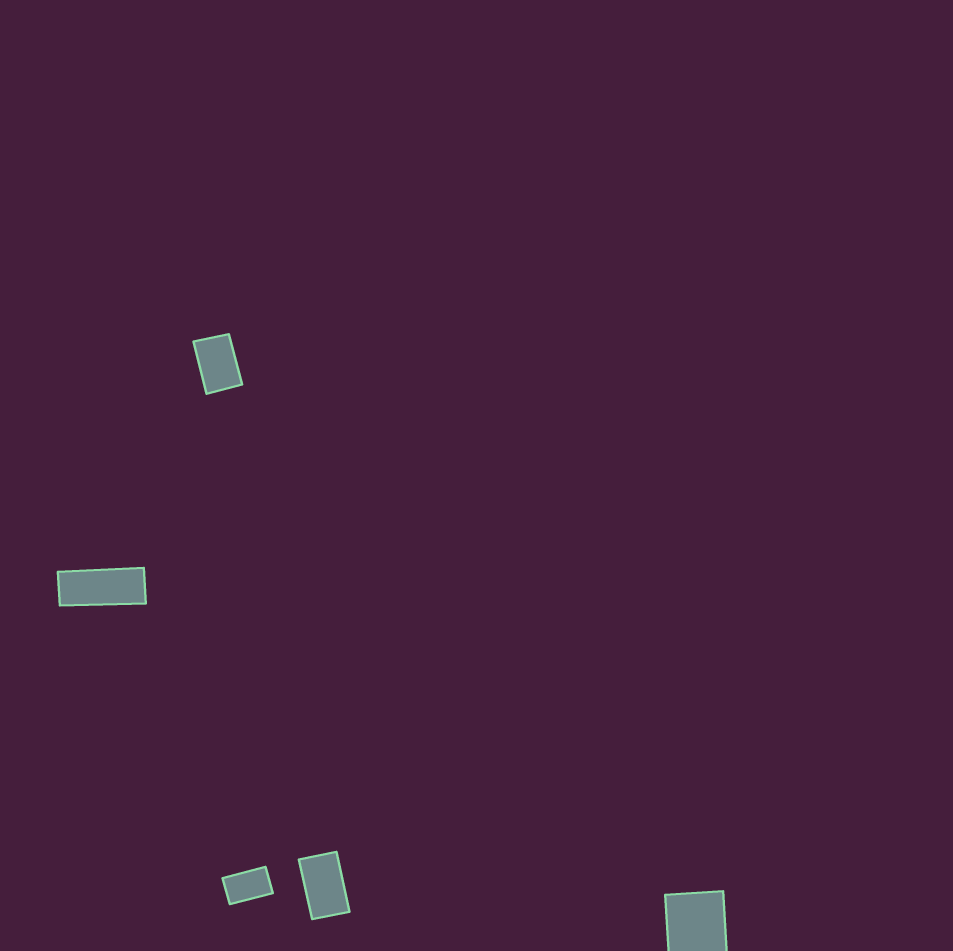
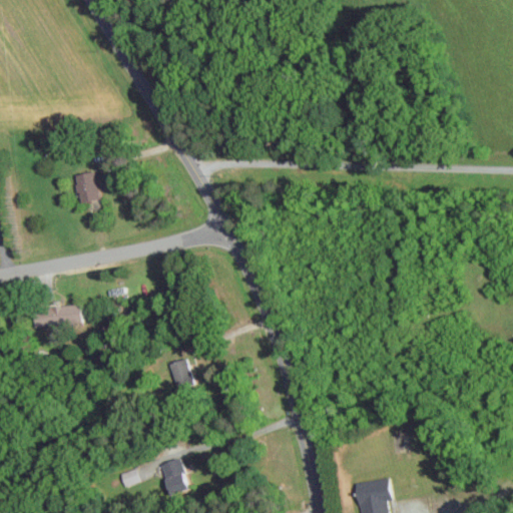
building: [193,334,242,394] -> [74,172,100,204]
building: none -> [169,360,192,390]

